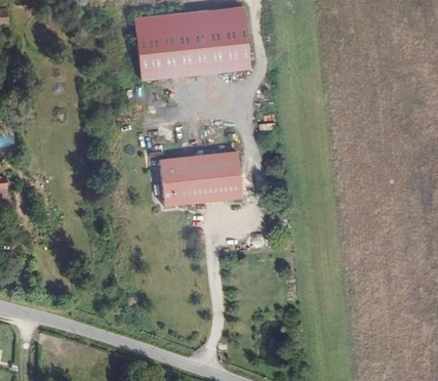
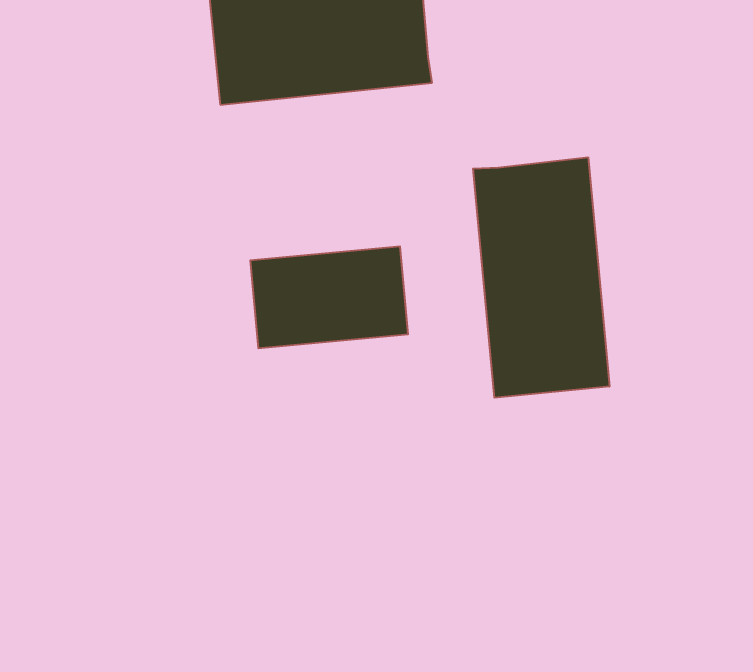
building: none -> [473,157,609,398]

